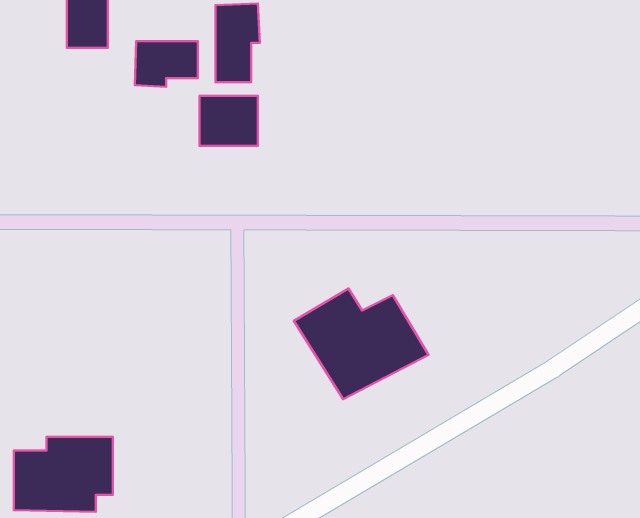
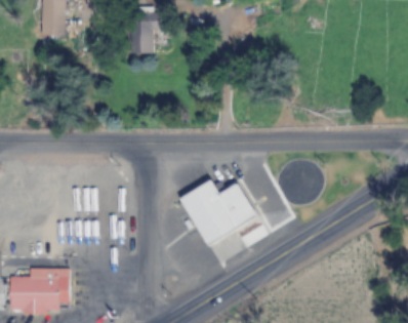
building: [135,41,198,87] -> none
building: [200,96,258,146] -> none

